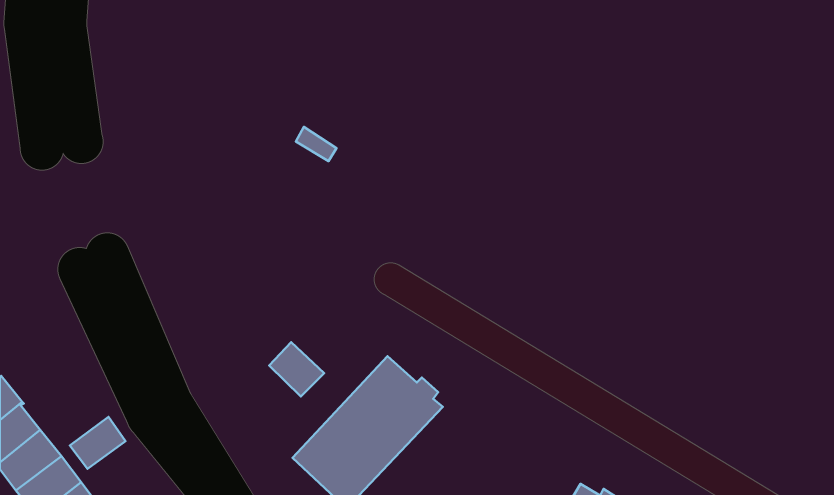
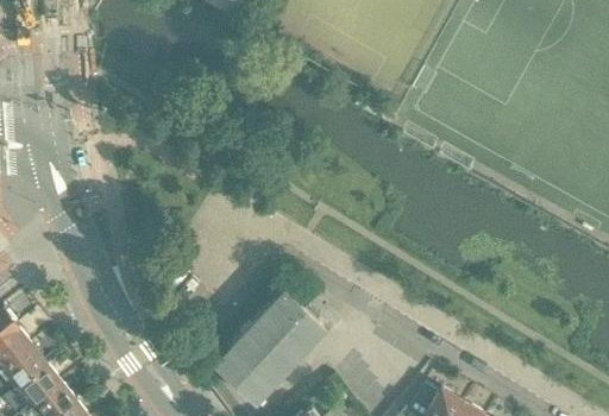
building: [269,342,324,397] -> none
building: [70,417,125,469] -> none

